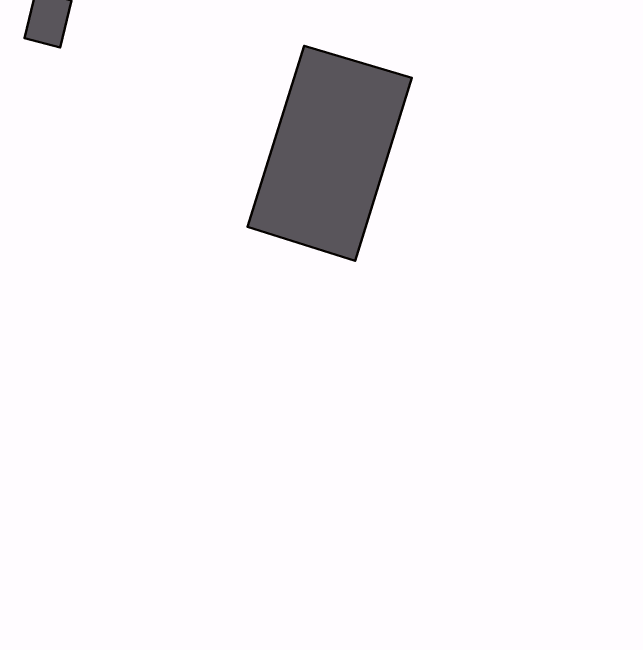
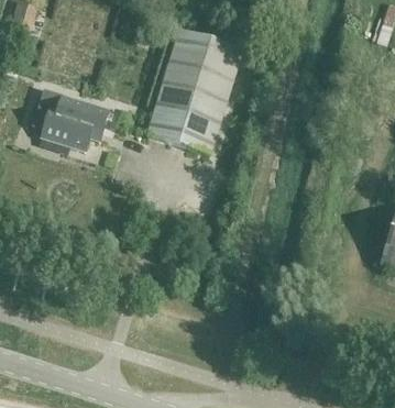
building: none -> [37,95,106,148]

